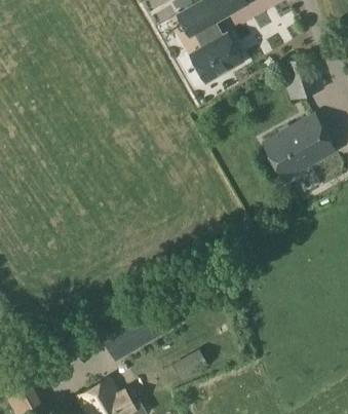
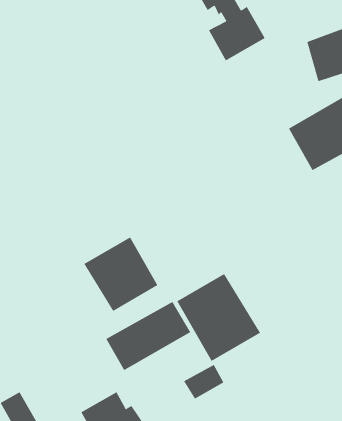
building: none -> [83,236,158,312]
building: none -> [177,273,261,362]

